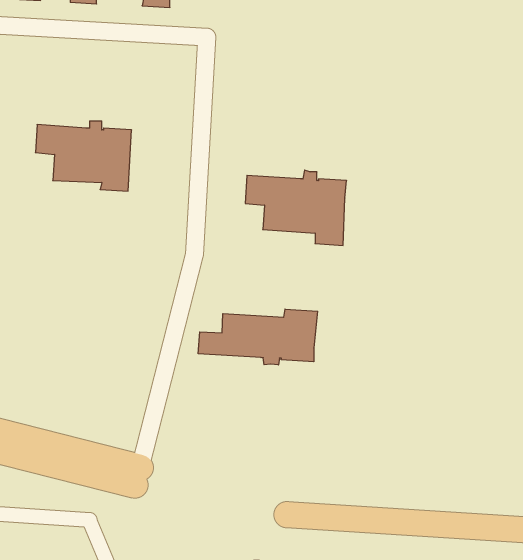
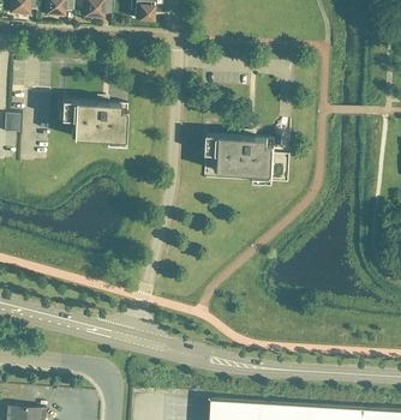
building: [198,309,318,365] -> none

